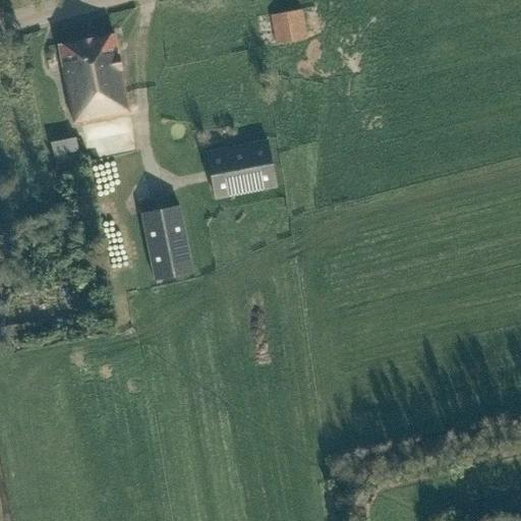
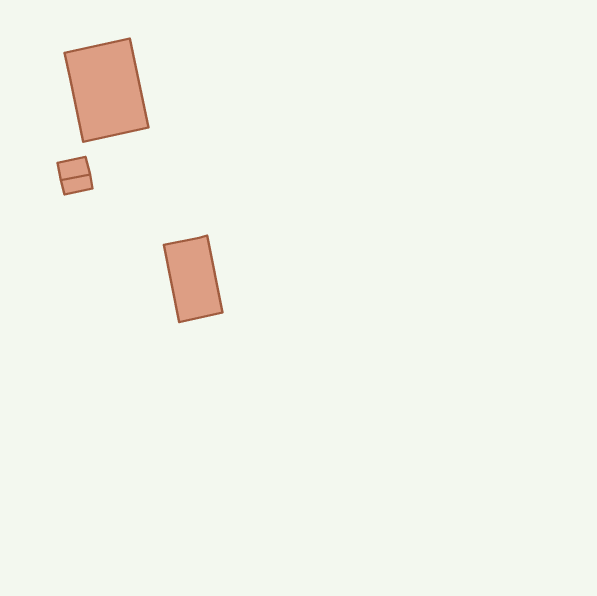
building: [270,9,304,44] -> none
building: [207,137,277,197] -> none

